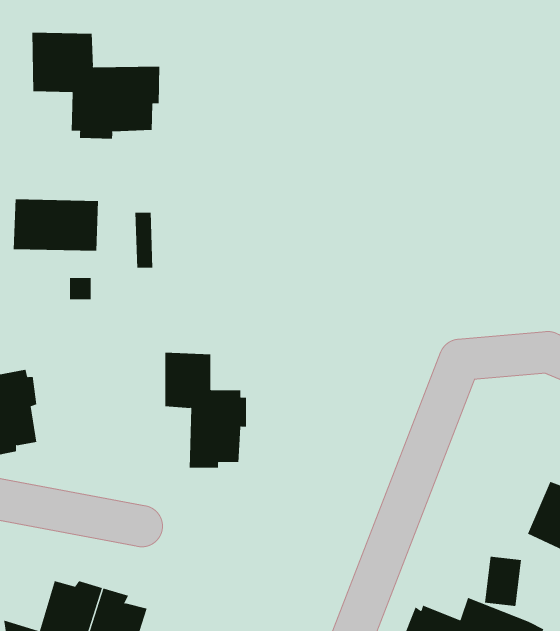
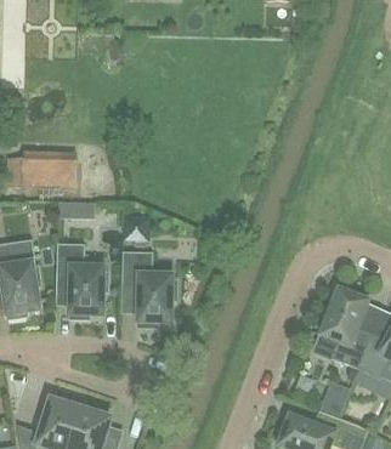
building: [32,32,160,139] -> none
building: none -> [56,244,107,319]
building: none -> [319,286,372,369]

